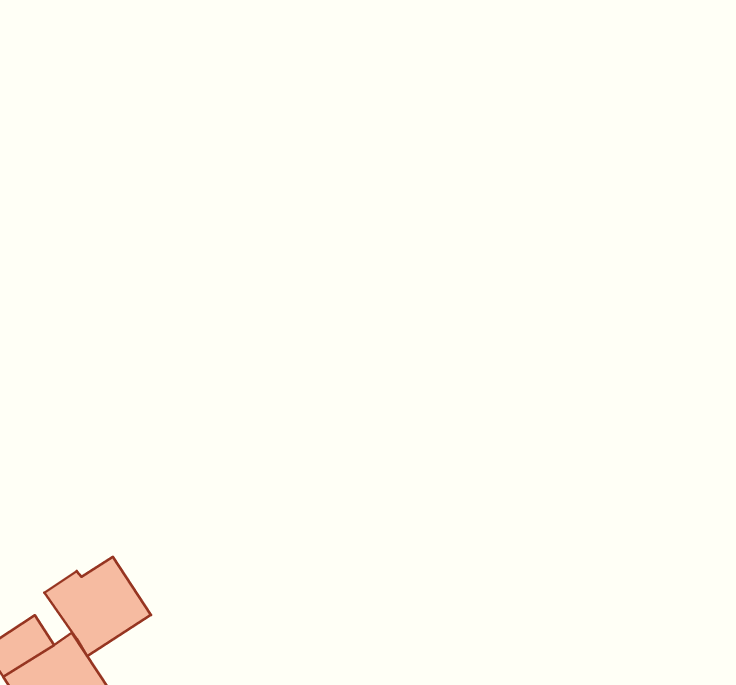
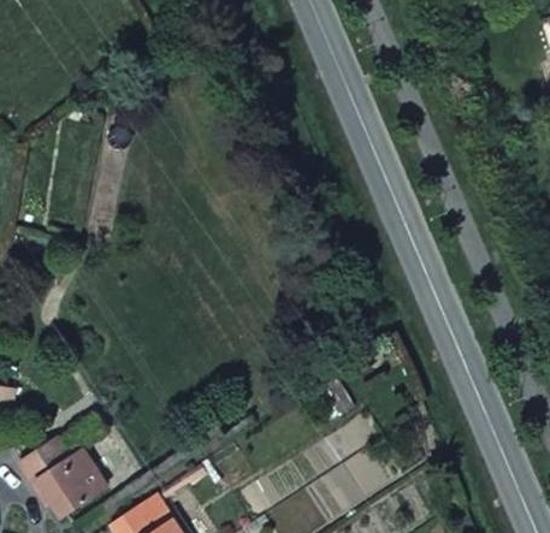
building: [44,557,151,656] -> none

